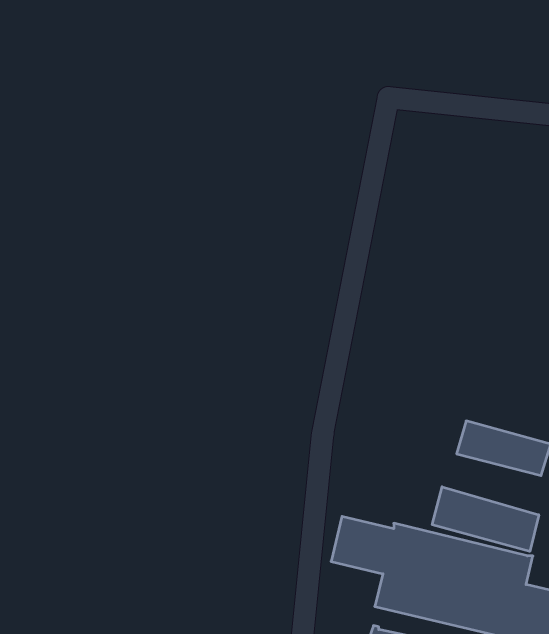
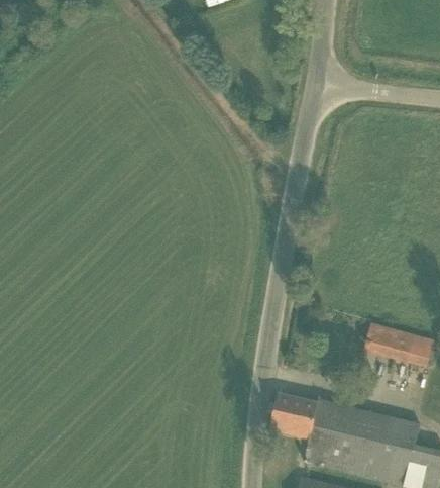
building: [432,487,539,551] -> none

